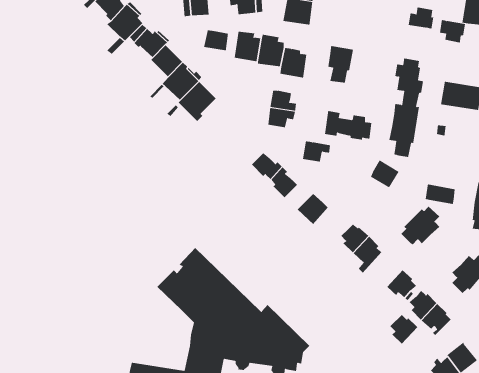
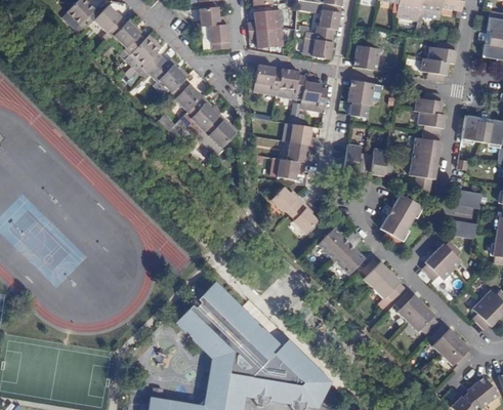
building: none -> [353,45,380,70]
building: [439,20,466,43] -> [422,57,449,81]
building: [204,30,229,51] -> none
building: [302,141,331,162] -> [278,158,306,179]
building: none -> [452,189,483,208]
building: none -> [381,211,411,246]
building: none -> [334,242,366,274]
building: [390,314,418,345] -> [395,291,424,322]

